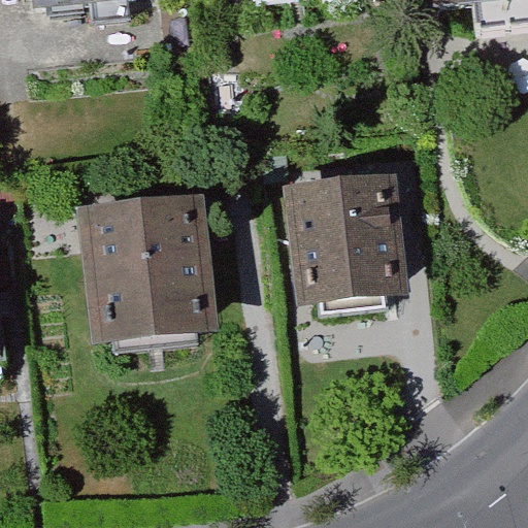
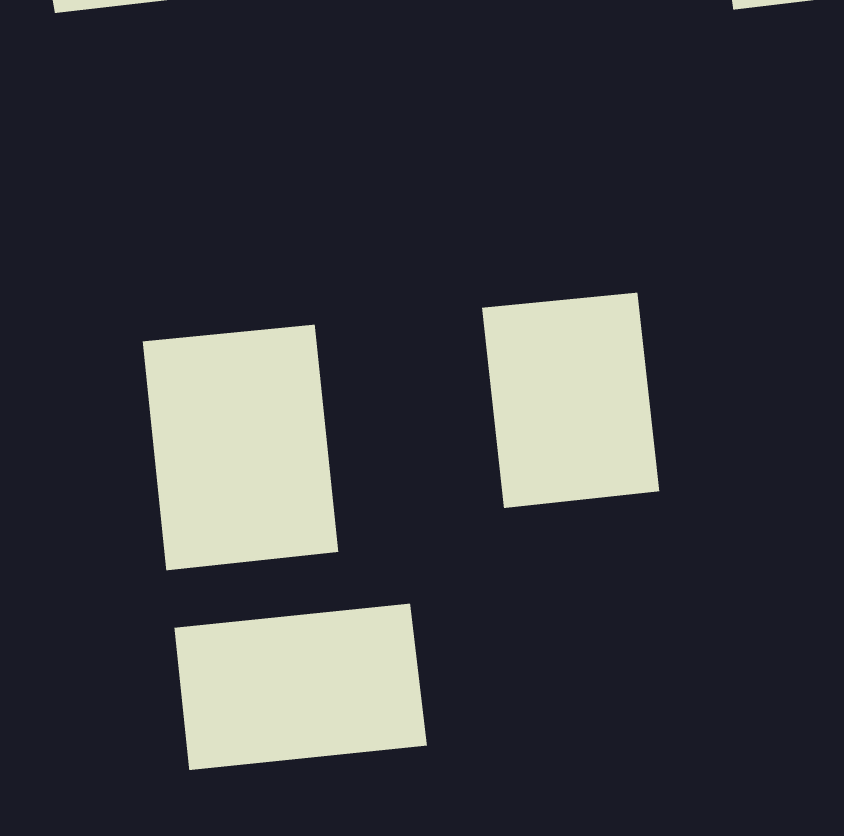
building: none -> [174,603,427,771]

